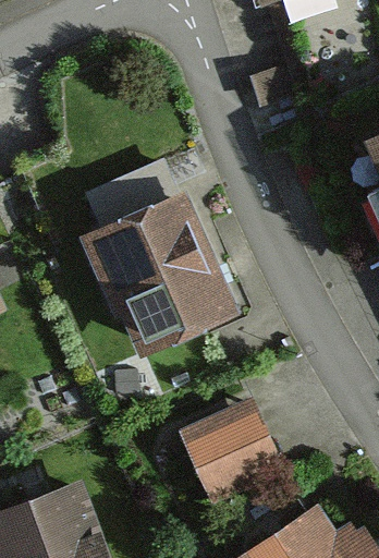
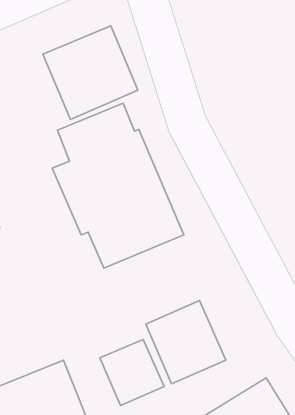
building: none -> [43,26,138,119]
building: none -> [100,339,164,406]

